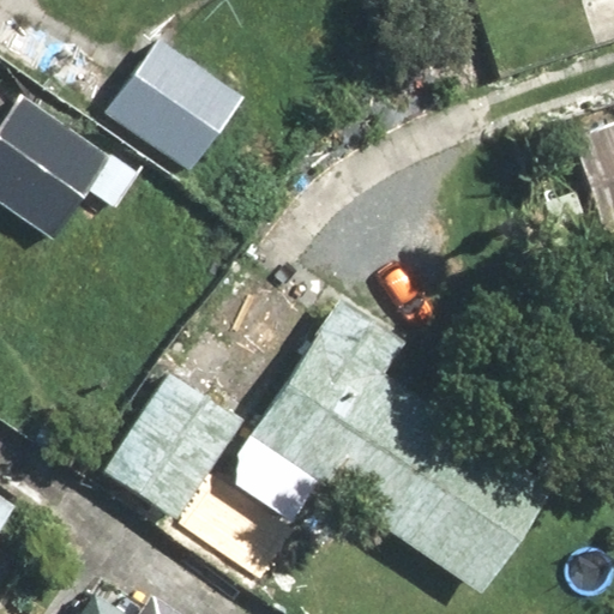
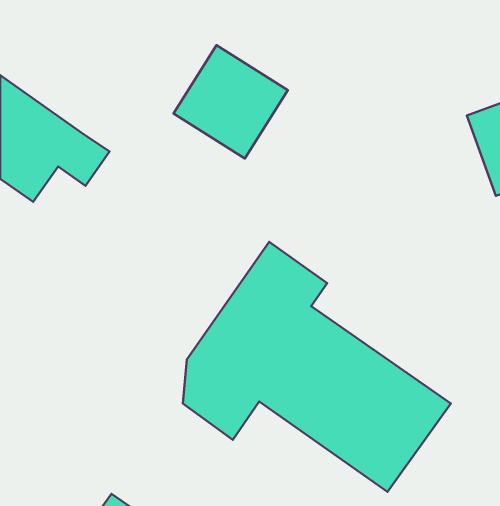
building: [107,34,243,169] -> [173,45,288,159]
building: [108,361,249,512] -> none

